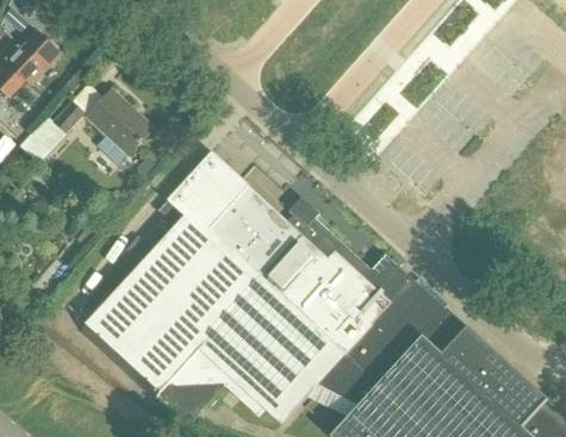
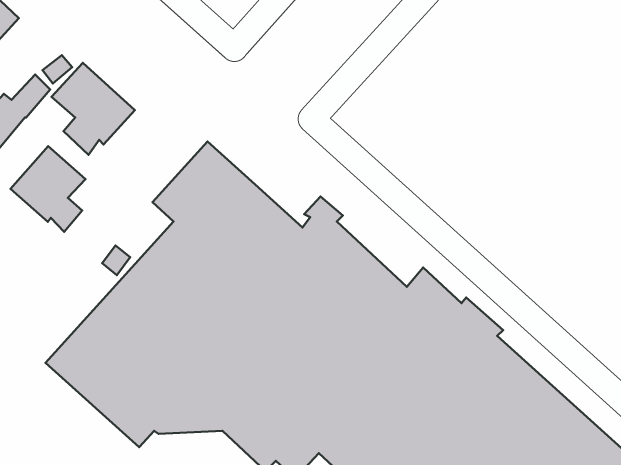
building: none -> [10,146,85,232]

